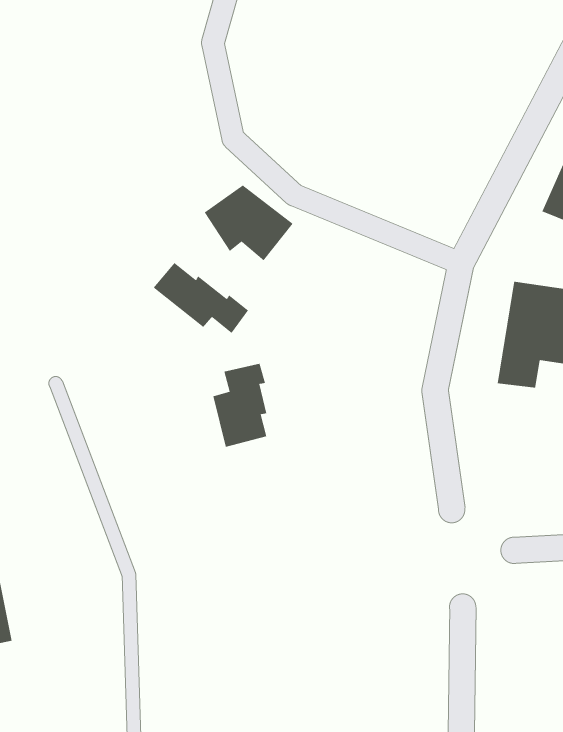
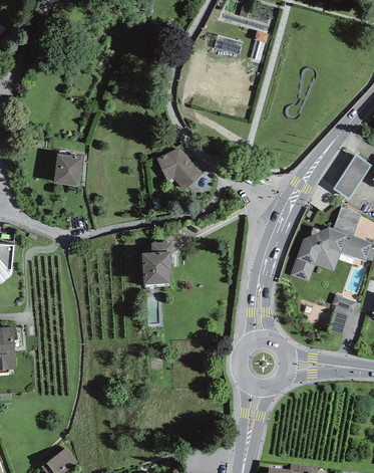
building: none -> [49,156,80,184]
building: [153,262,249,334] -> none

